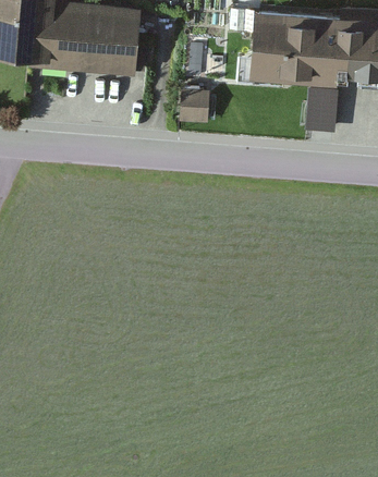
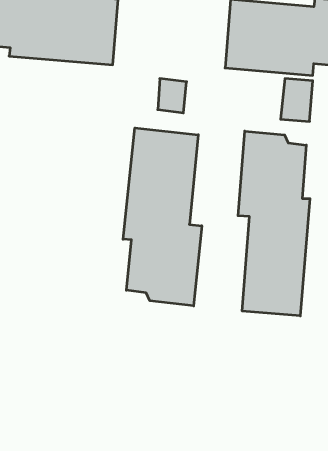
building: none -> [123,128,202,306]
building: none -> [238,131,310,316]

